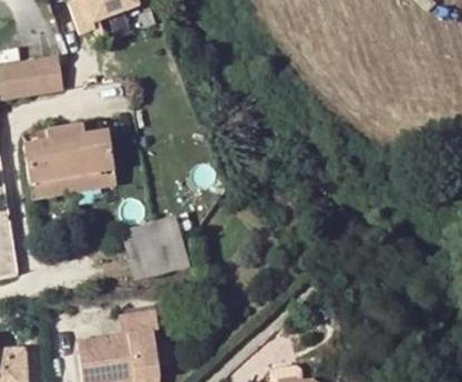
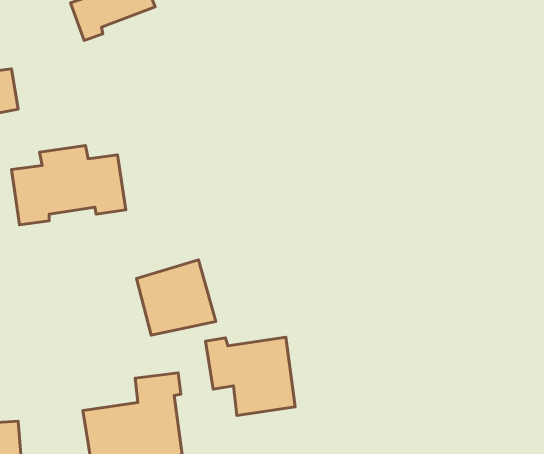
building: [19,54,61,93] -> none
building: none -> [205,337,295,415]

